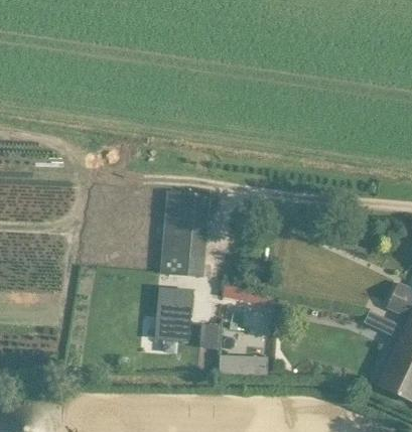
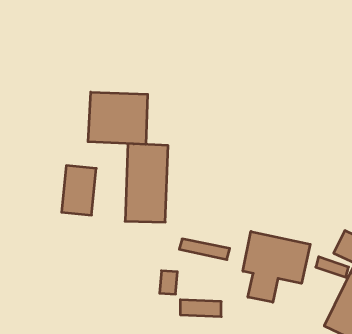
building: none -> [88,92,148,144]
building: none -> [243,231,310,302]
building: [154,287,191,340] -> [62,166,96,215]

